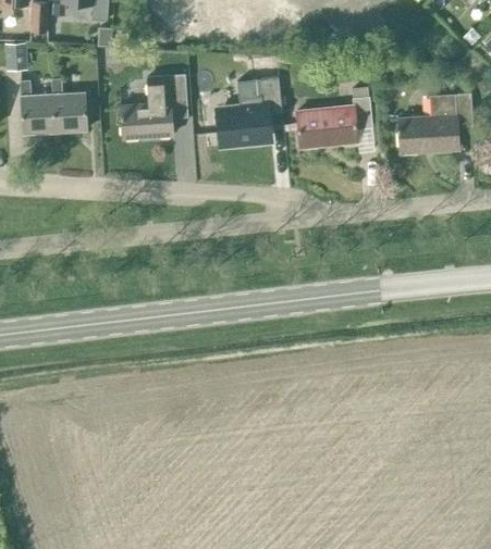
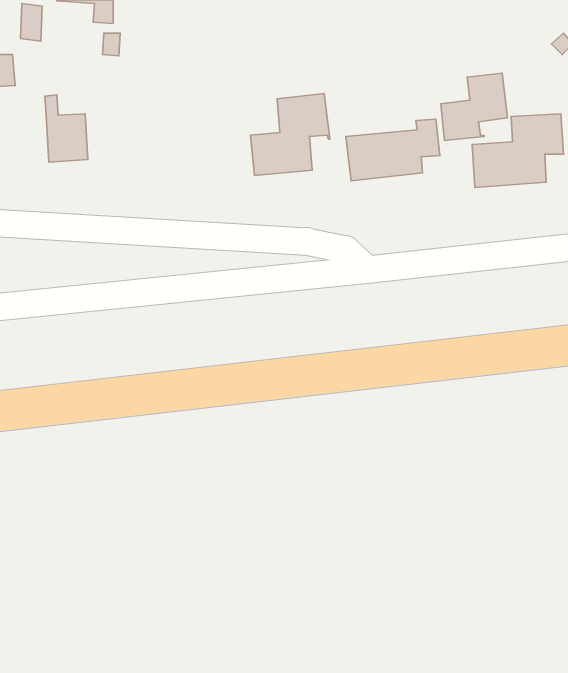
building: none -> [441,73,507,140]
building: [120,75,186,138] -> none
building: [20,80,54,134] -> none

